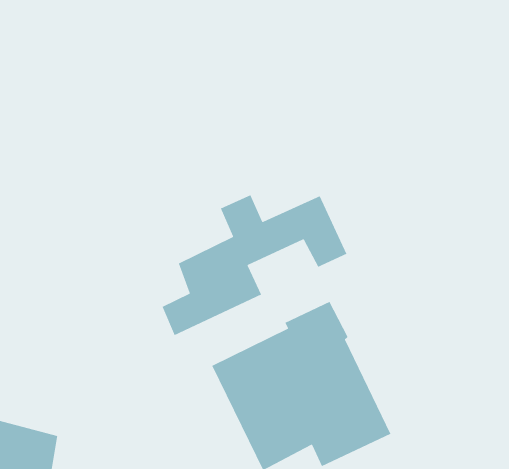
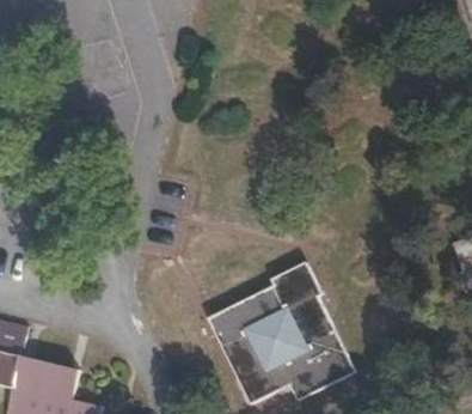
building: [162,194,348,336] -> none

